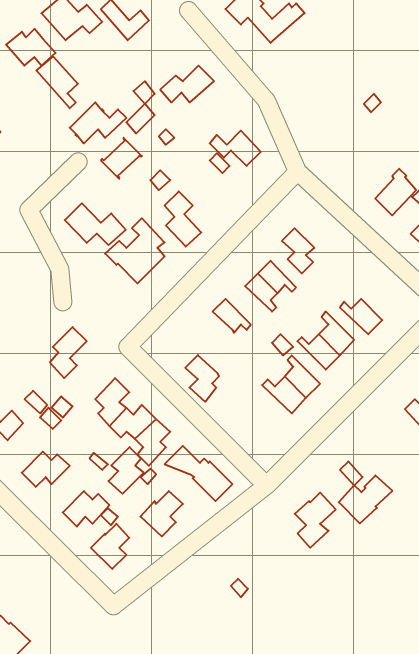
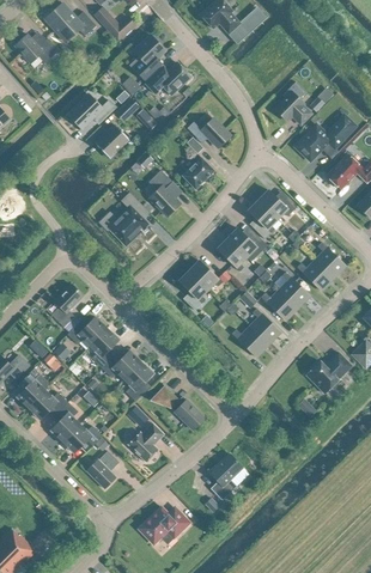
building: none -> [134,36,165,80]
building: [36,57,78,108] -> none
building: none -> [275,92,311,124]
building: none -> [296,116,354,160]
building: none -> [182,158,214,190]
building: [65,203,126,245] -> none
building: none -> [259,190,297,218]
building: none -> [315,243,346,279]
building: [185,355,219,402] -> [178,272,207,311]
building: none -> [67,317,107,346]
building: none -> [17,368,45,408]
building: [108,447,144,494] -> [50,402,80,441]
building: [339,475,392,523] -> [306,353,352,394]
building: [295,493,336,548] -> [208,453,243,500]
building: none -> [140,508,188,543]

